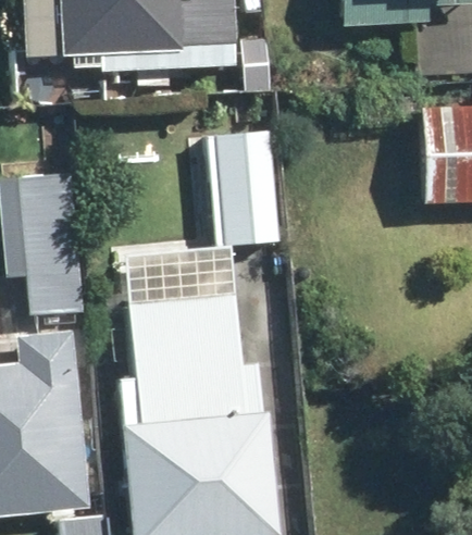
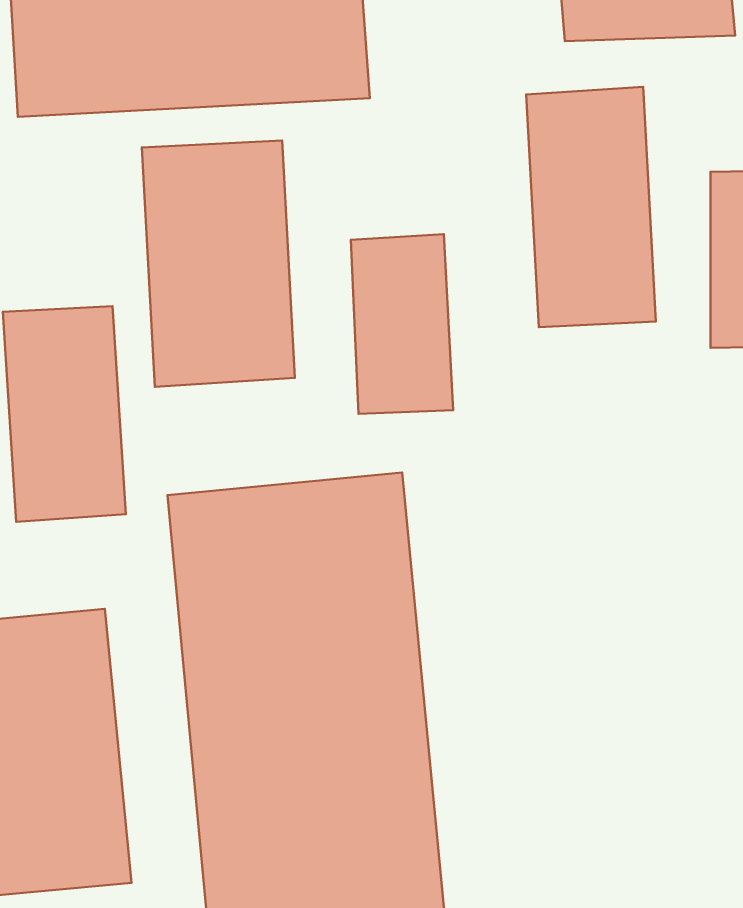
building: none -> [526,87,656,327]
building: none -> [142,141,295,387]

